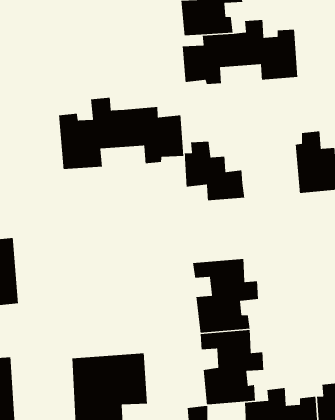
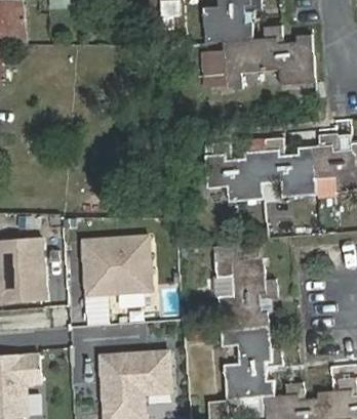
building: [58,97,184,170] -> none
building: none -> [245,137,317,197]
building: none -> [78,235,154,325]

